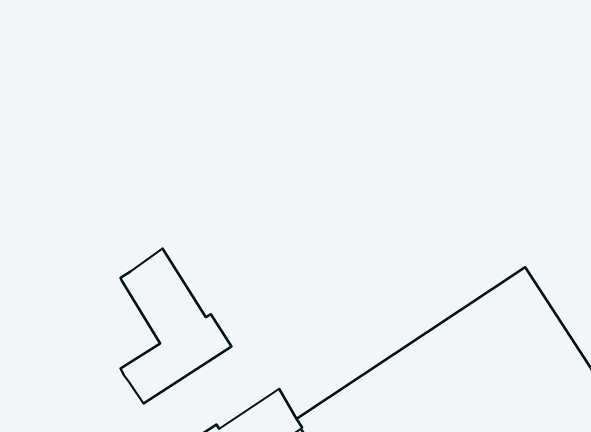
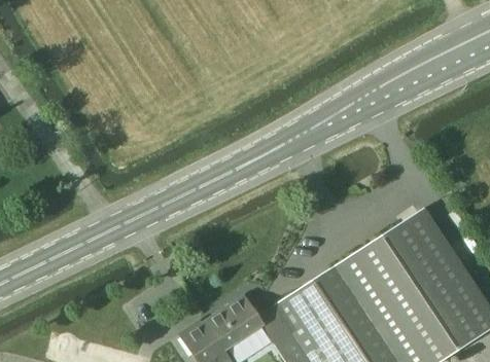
building: [120,248,232,404] -> none

